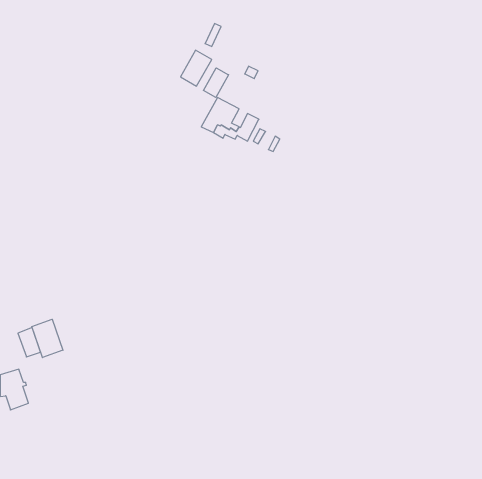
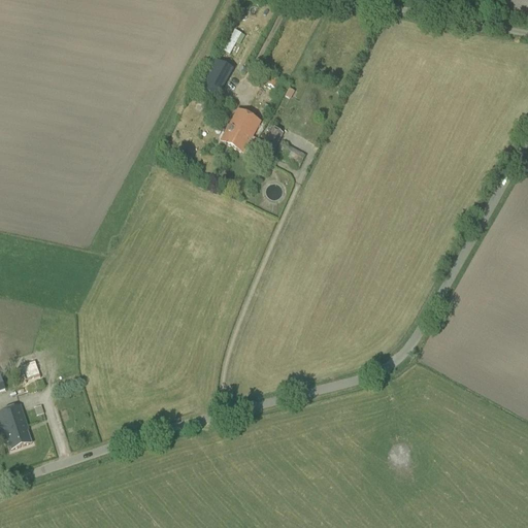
building: [203,68,229,97] -> none
building: [32,319,63,358] -> none

